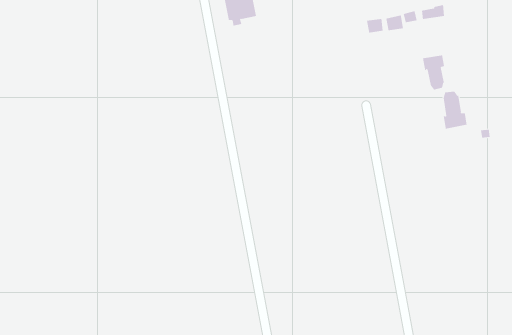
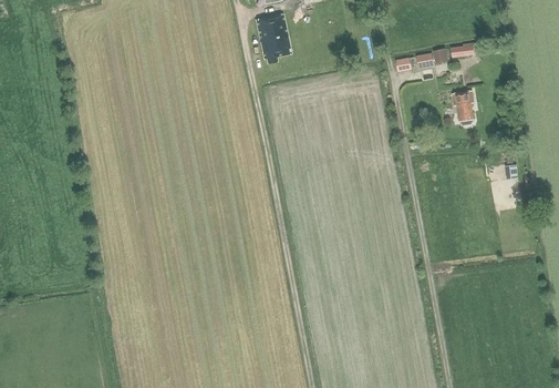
building: [443,91,467,130] -> none

